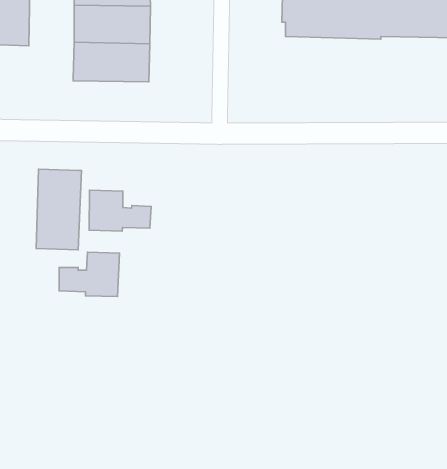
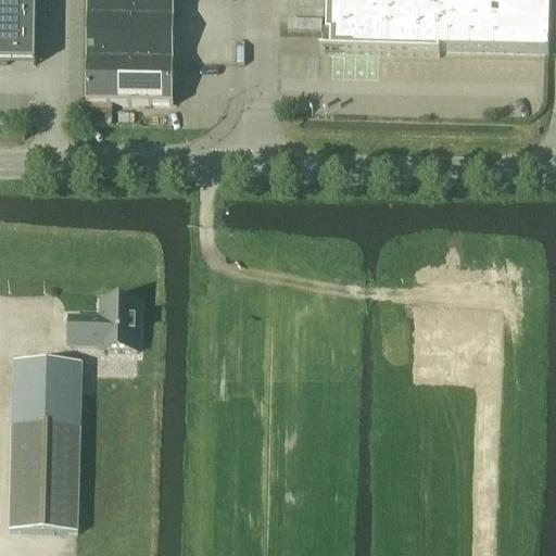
building: [36,169,82,250] -> none
building: [89,190,151,231] -> none
building: none -> [9,355,81,526]

